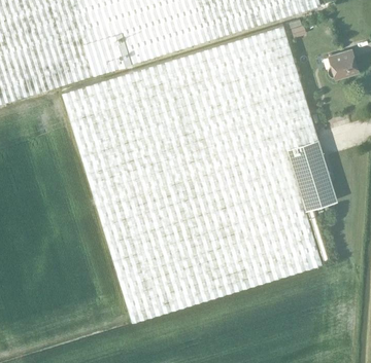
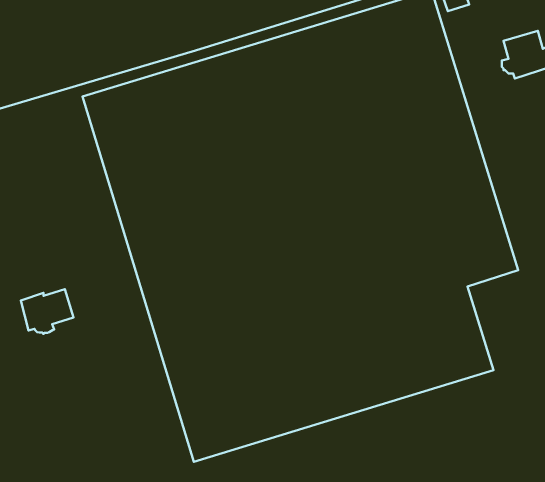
building: none -> [21,289,73,334]

